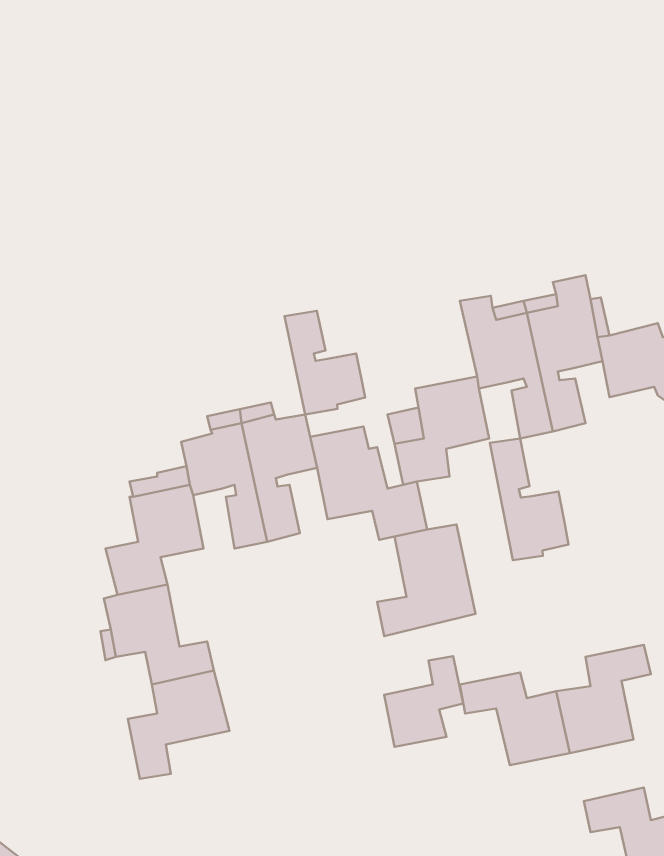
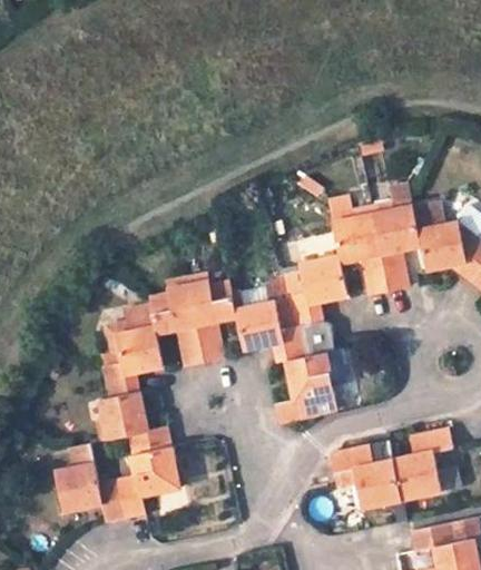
building: [285,311,365,414] -> none
building: [490,439,568,560] -> none
building: [384,656,463,747] -> none
building: none -> [51,443,122,522]

